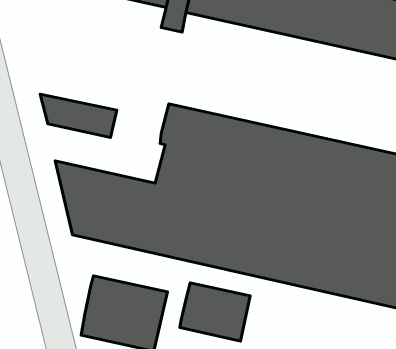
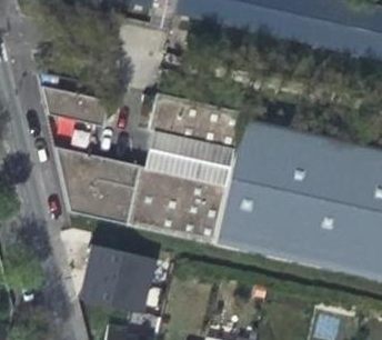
building: [180,283,250,341] -> none

